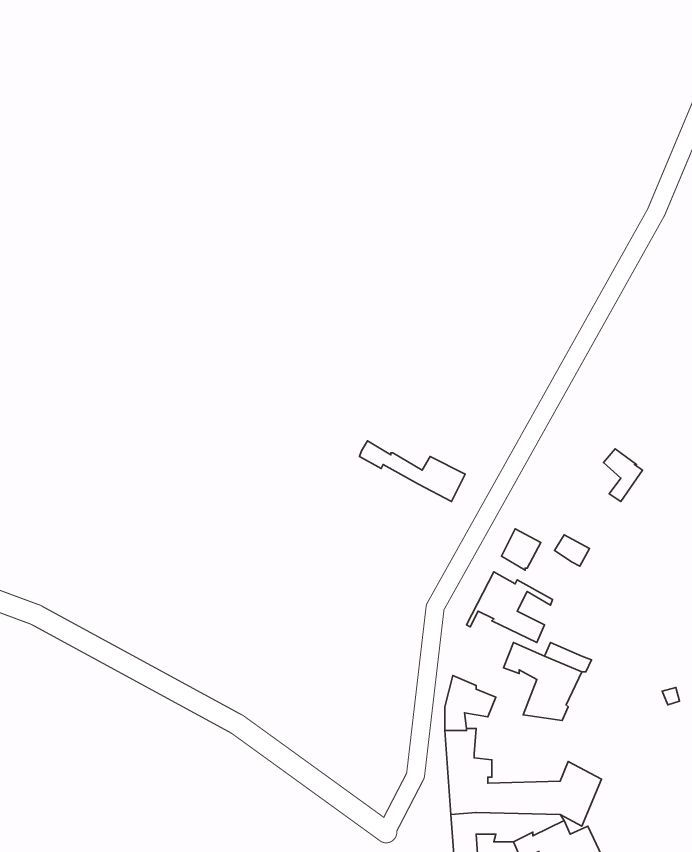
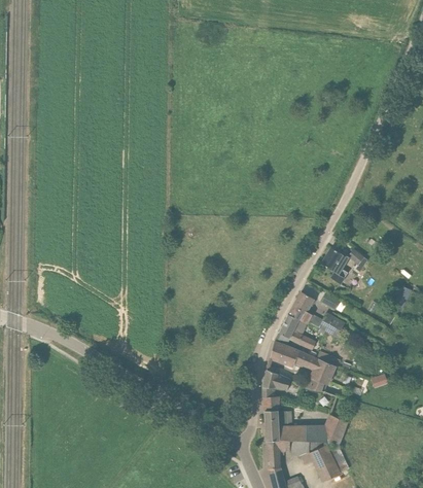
building: [360,441,465,502] -> [289,305,345,337]
building: none -> [321,246,350,283]
building: none -> [270,341,299,367]

